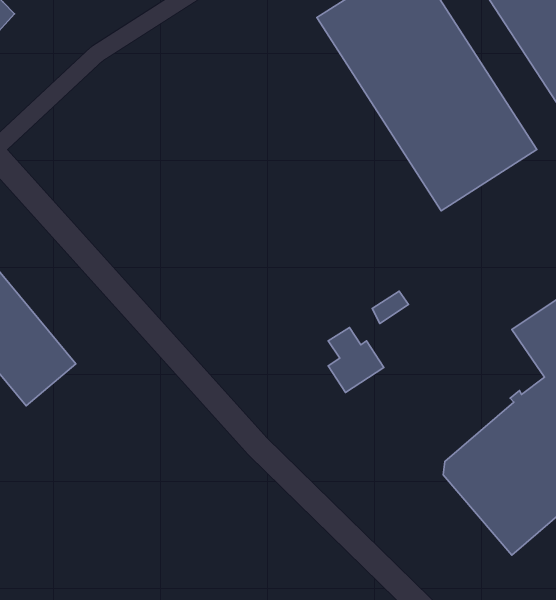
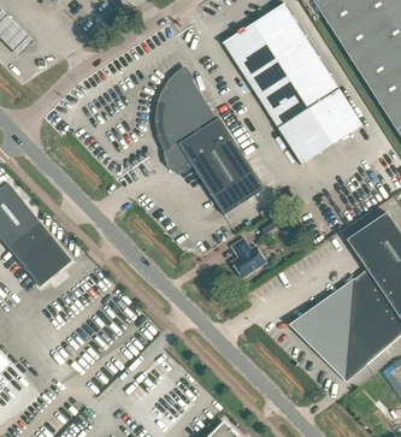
building: none -> [157,67,265,214]

